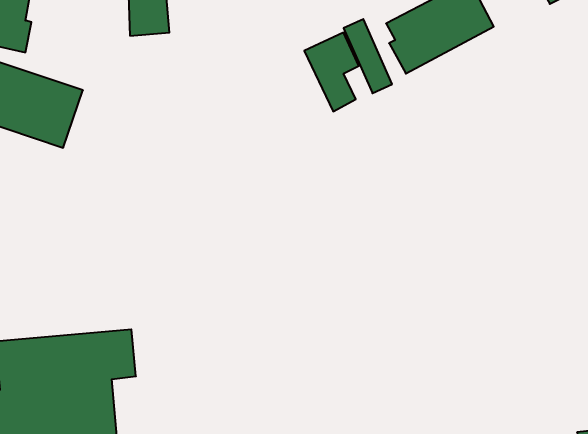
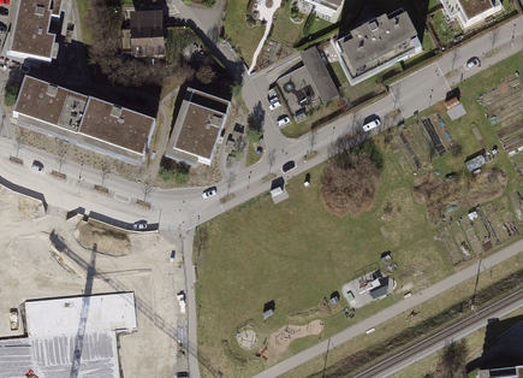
building: none -> [162,88,232,172]
building: none -> [79,95,161,163]

